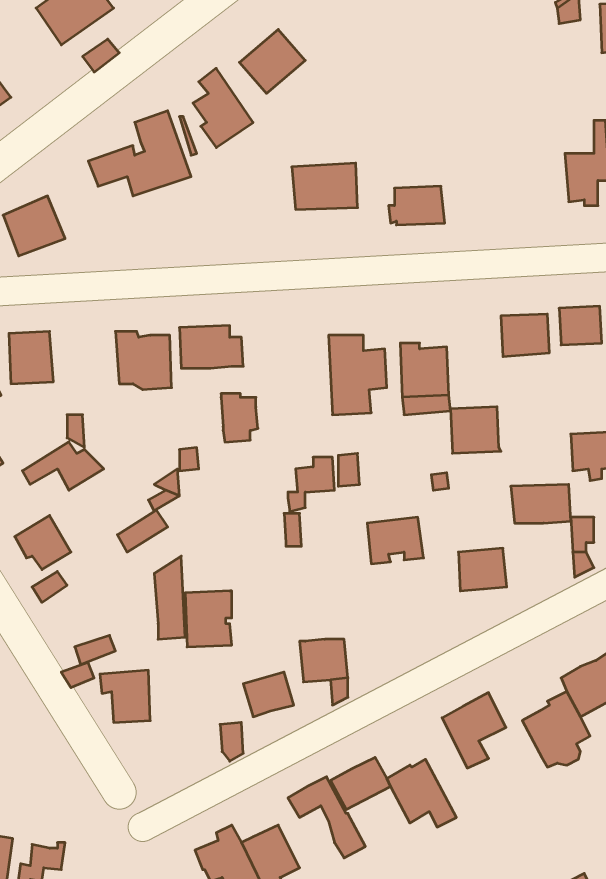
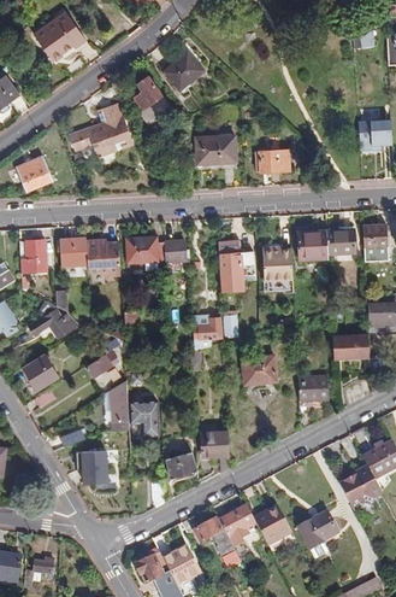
building: none -> [55,236,87,264]
building: [221,394,258,442] -> [164,240,187,270]
building: [451,407,501,453] -> [296,229,327,258]
building: [442,693,506,768] -> [299,510,338,557]

